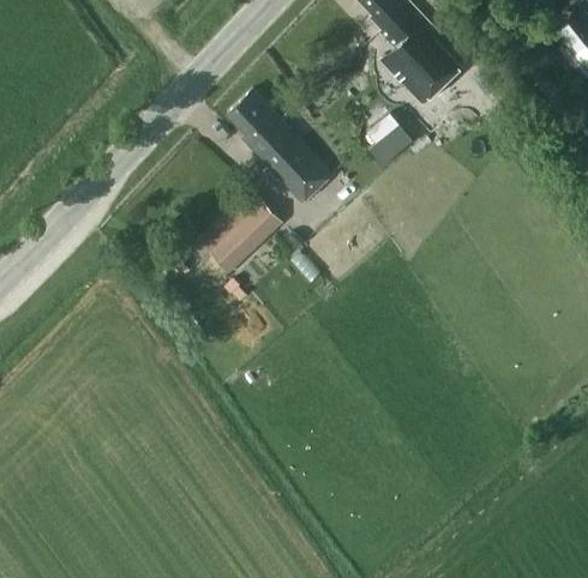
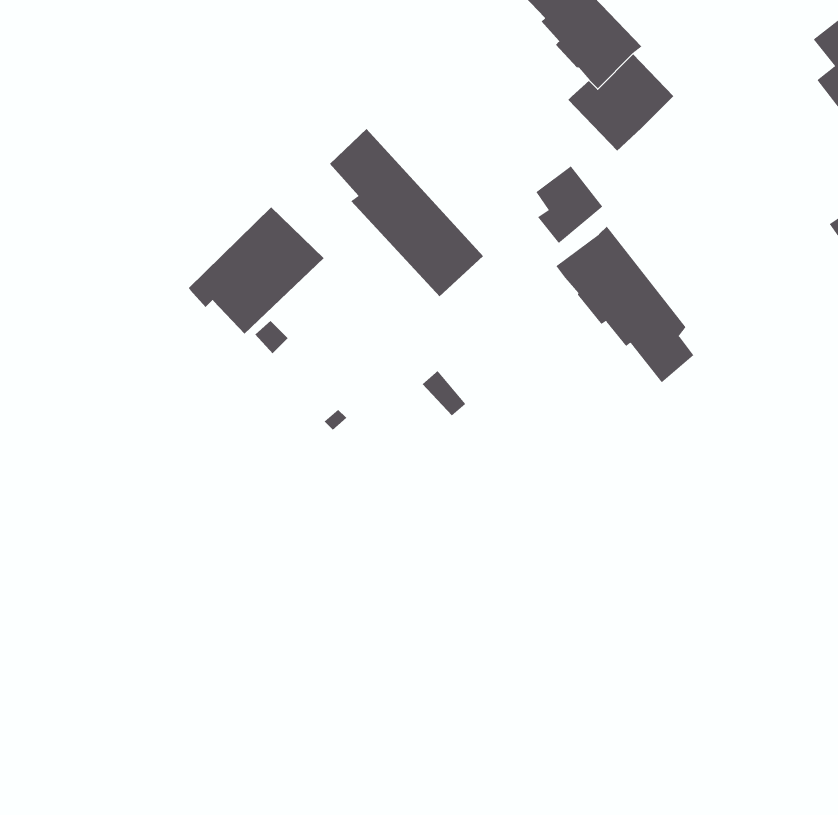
building: none -> [556,226,694,383]
building: [193,188,286,275] -> [188,207,325,335]

